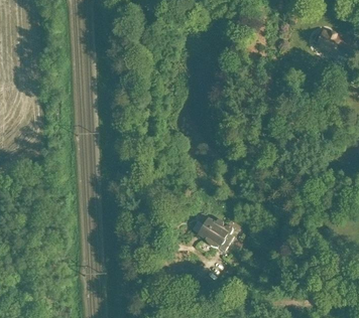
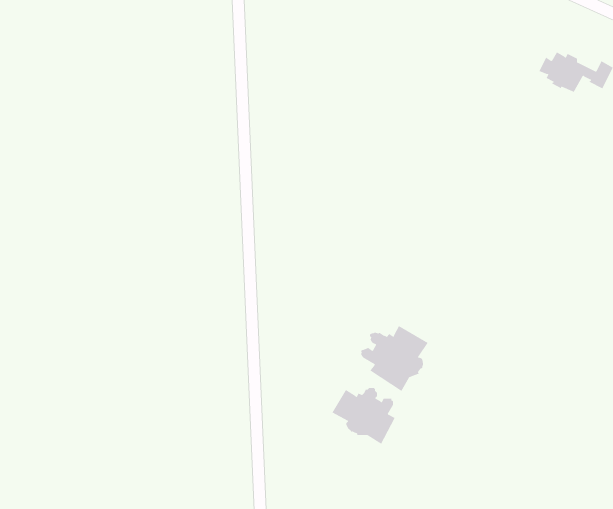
building: none -> [360,325,428,392]

